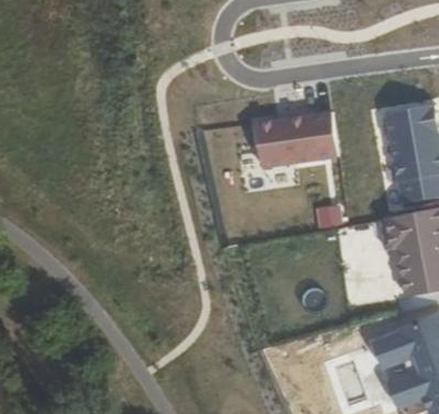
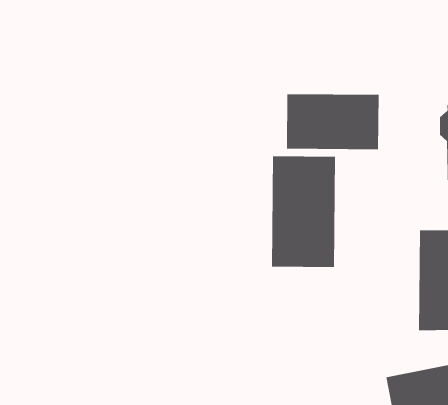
building: none -> [272,155,335,268]

